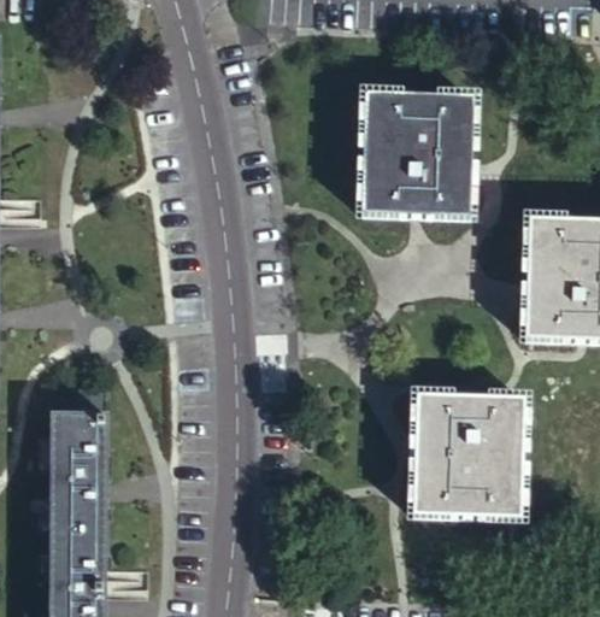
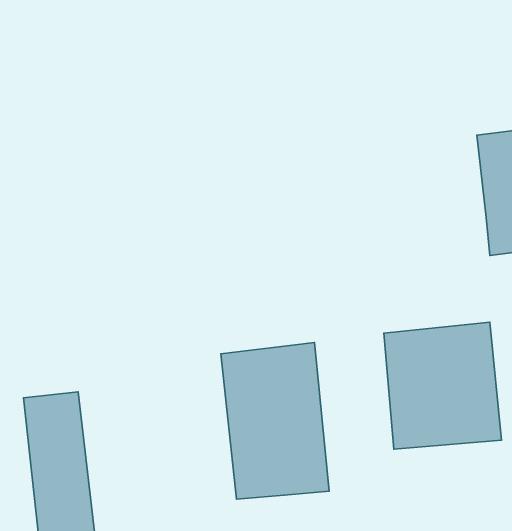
building: [363,93,469,213] -> none
building: none -> [221,343,329,499]

